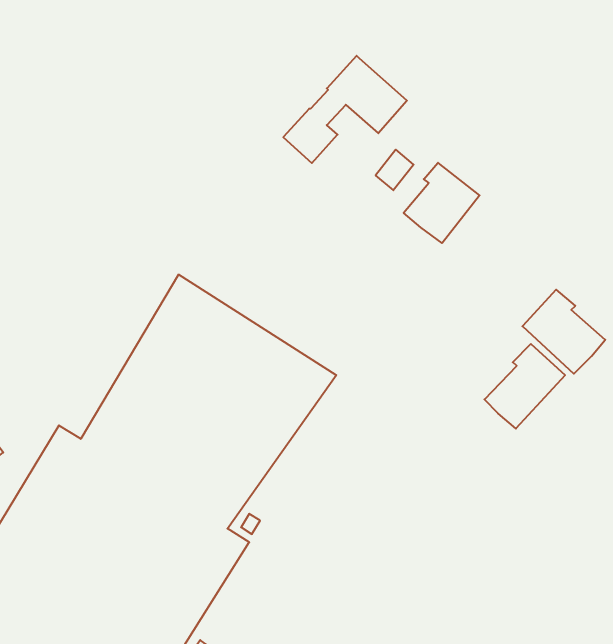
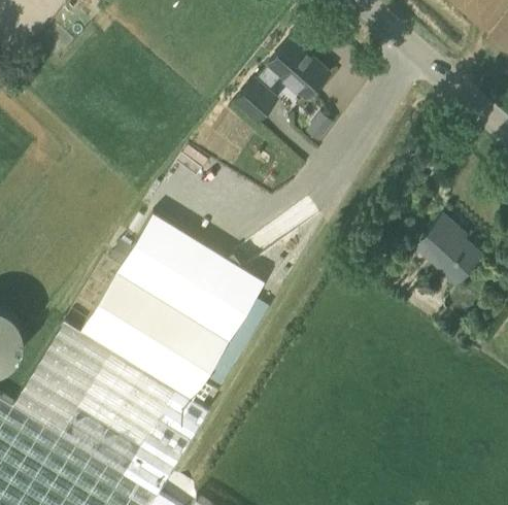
building: [404,163,480,243] -> none
building: [484,344,565,429] -> none

